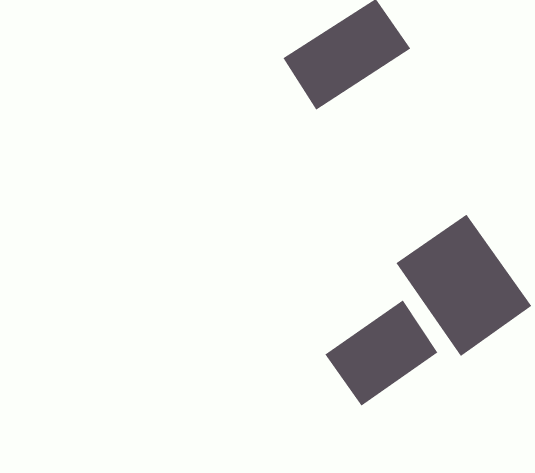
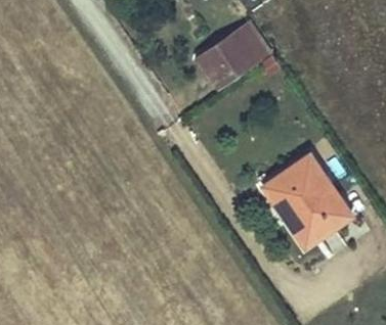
building: [324,300,438,407] -> none

